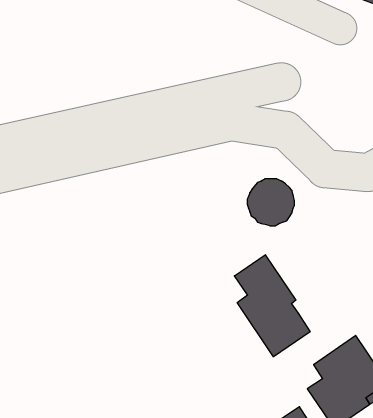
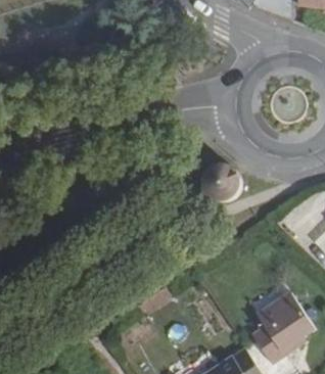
building: [234,255,310,357] -> none

